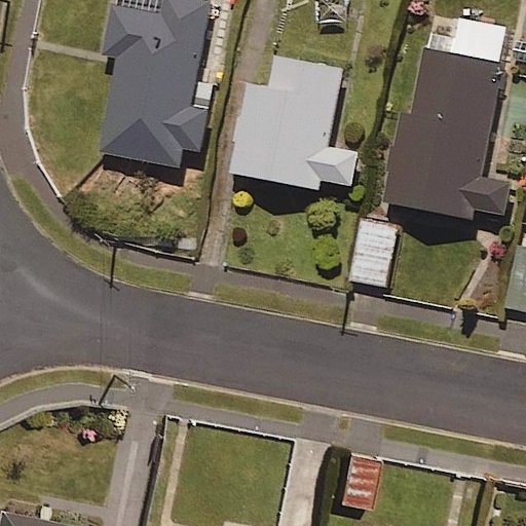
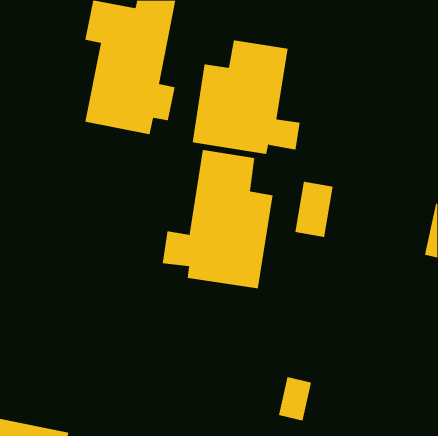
building: [385,14,511,219] -> none
building: none -> [162,149,273,289]

